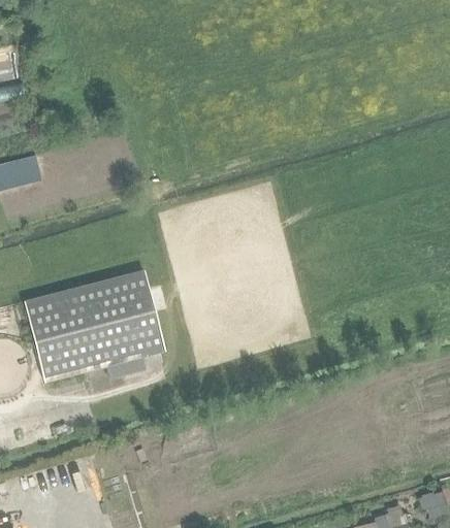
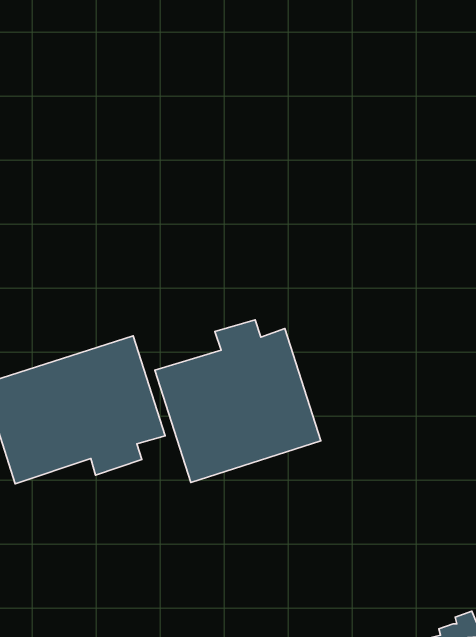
building: none -> [155,320,321,482]

